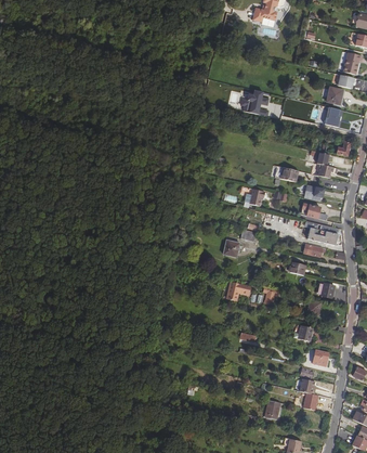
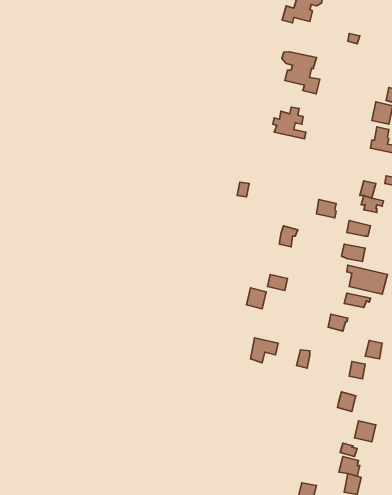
building: none -> [282,52,320,94]

